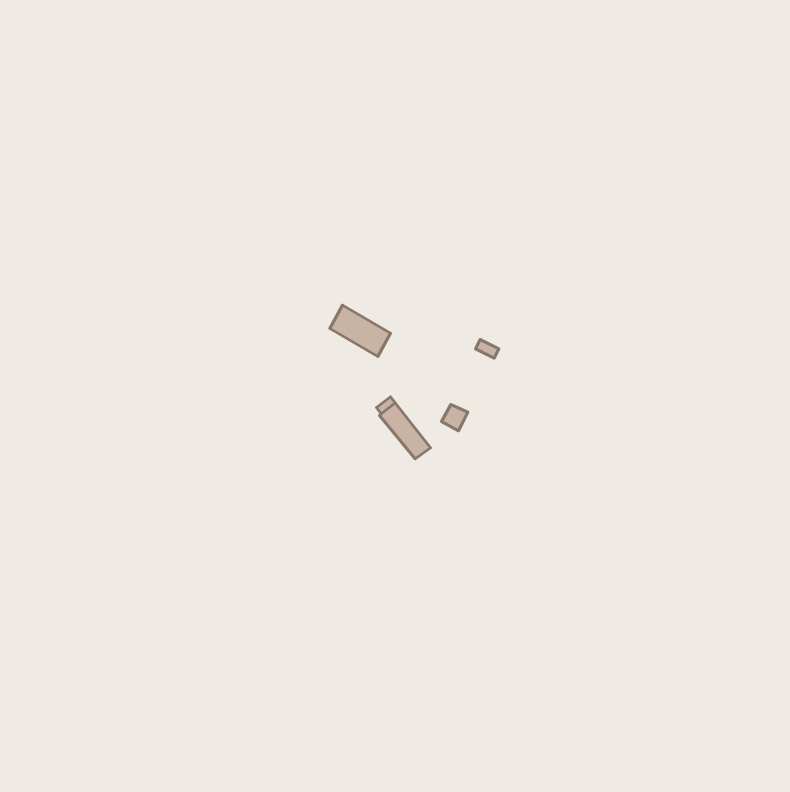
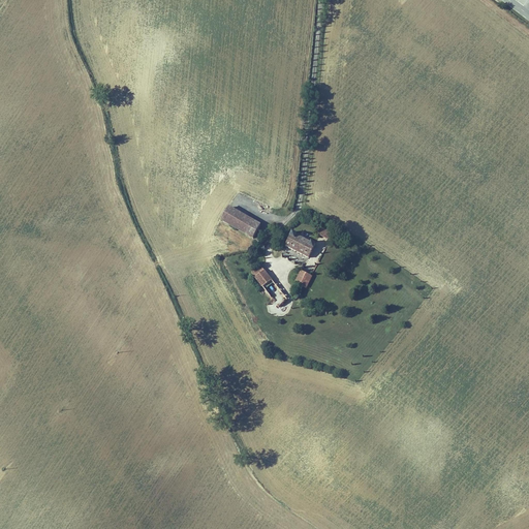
building: none -> [284,228,316,256]

